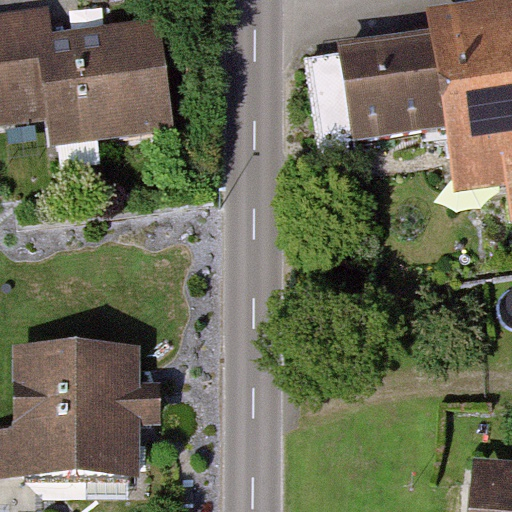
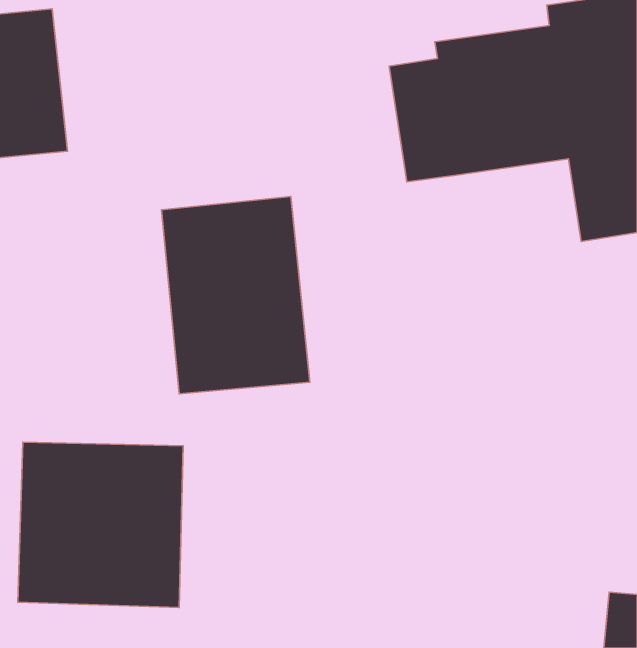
building: [51,22,179,146] -> none
building: none -> [161,197,310,394]

